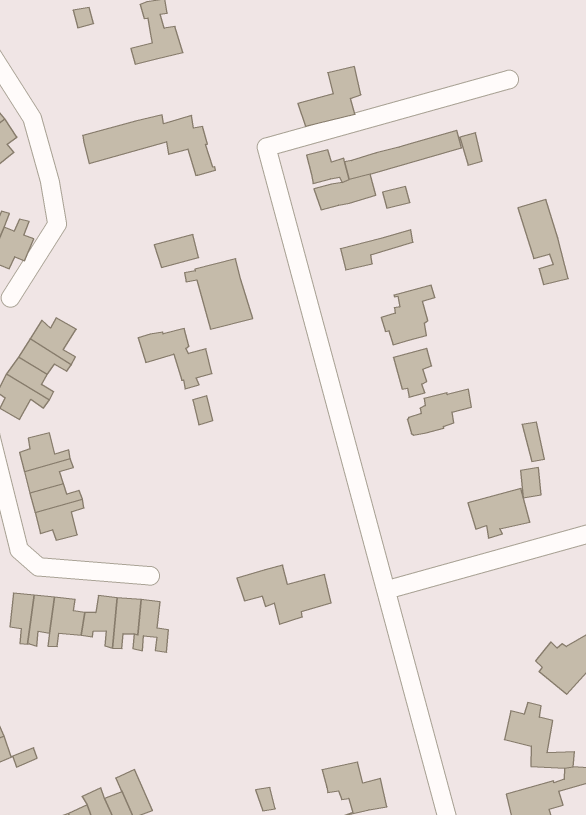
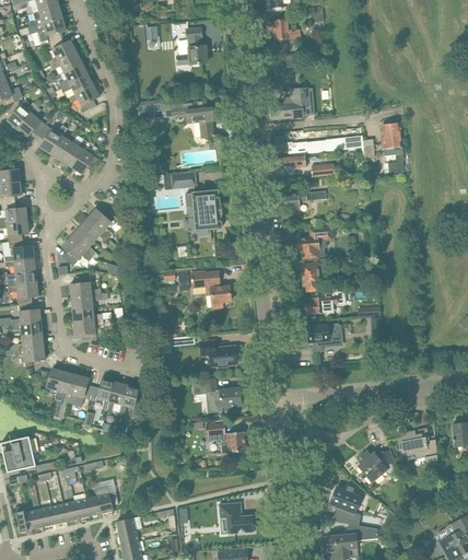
building: [518,200,568,285] -> [382,122,405,173]
building: [138,329,212,389] -> [190,271,231,307]
building: [468,489,530,538] -> [306,323,341,349]
building: none -> [200,340,237,366]
building: none -> [206,422,245,453]

